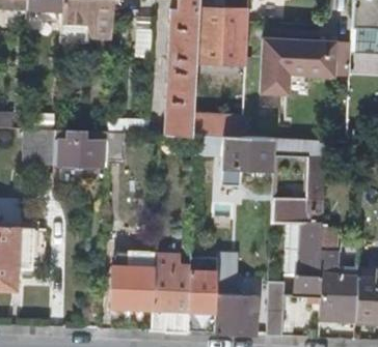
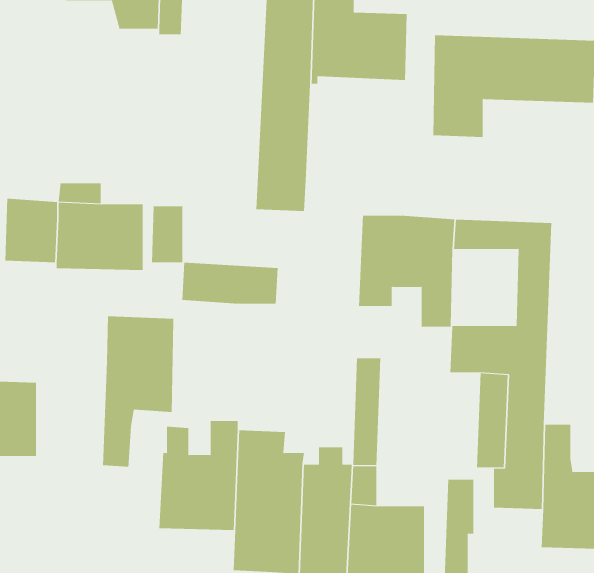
building: [192,114,245,137] -> [181,262,278,304]
building: none -> [102,316,174,468]

